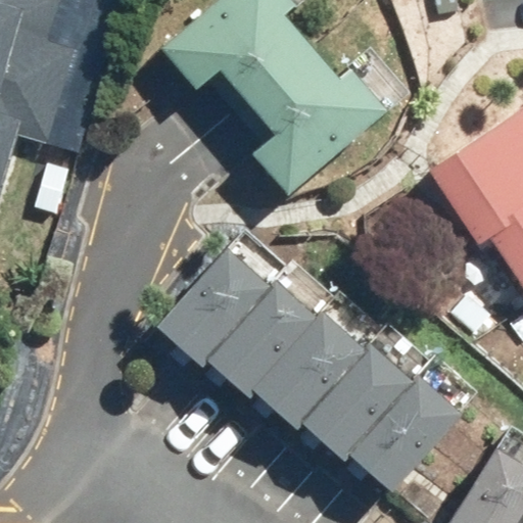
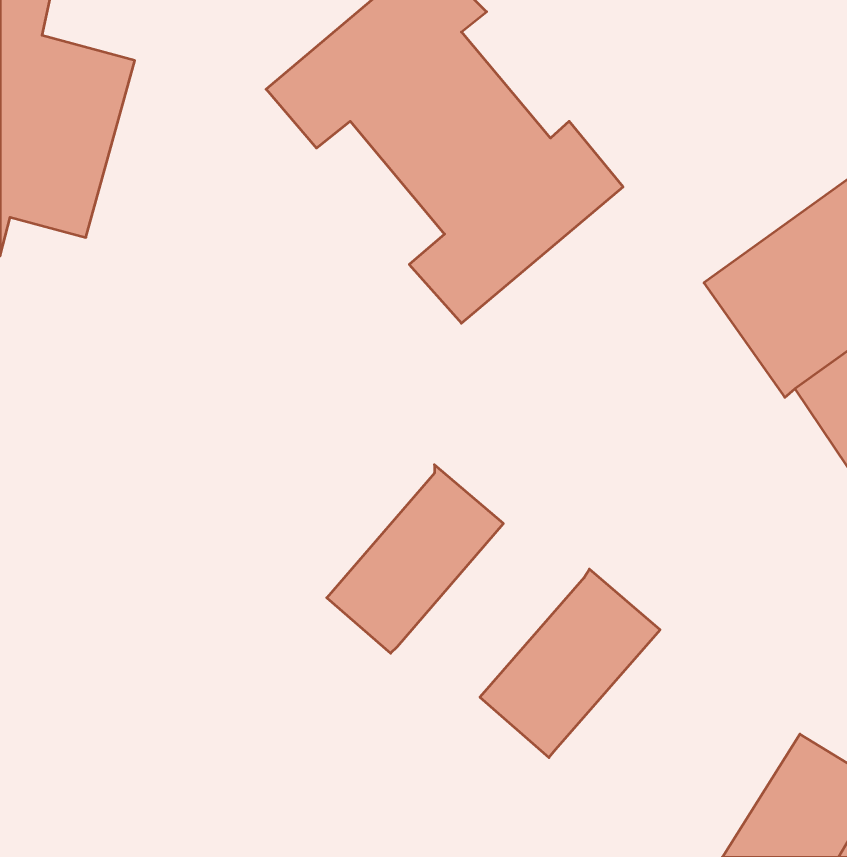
building: [155,246,272,365] -> none
building: [249,312,363,430] -> none
building: [345,375,459,491] -> none

